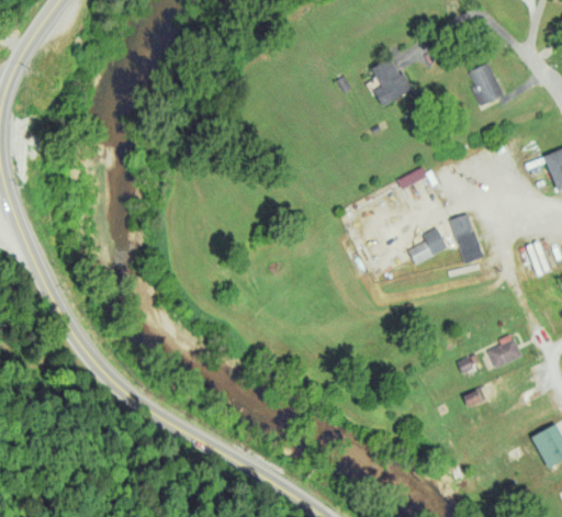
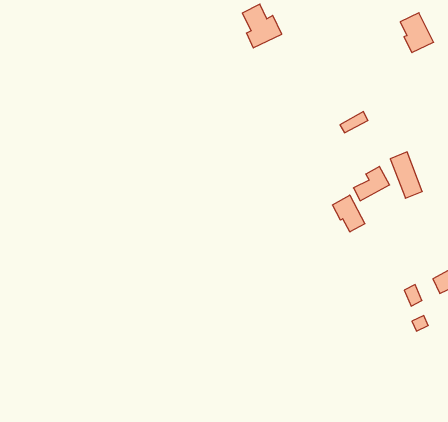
building: [371,58,413,105] -> [242,4,282,48]
building: none -> [332,195,365,232]

